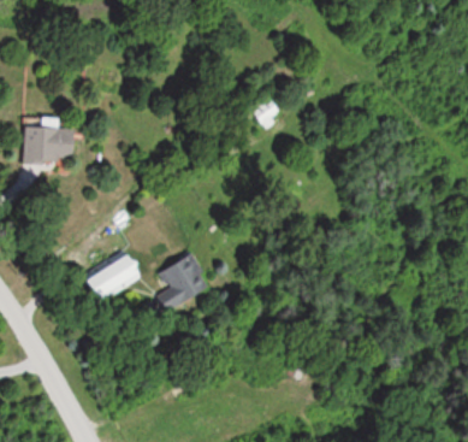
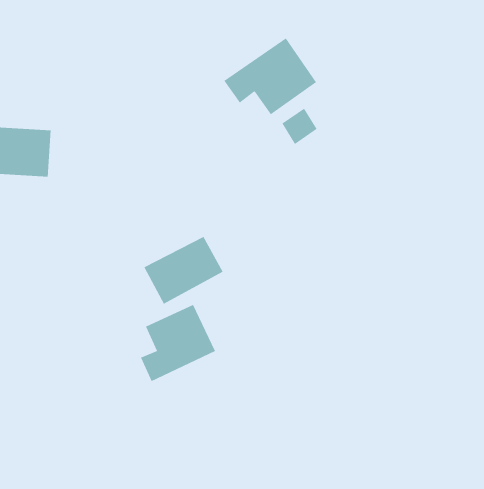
building: none -> [224,38,317,115]
building: [83,248,144,302] -> [144,236,224,304]

